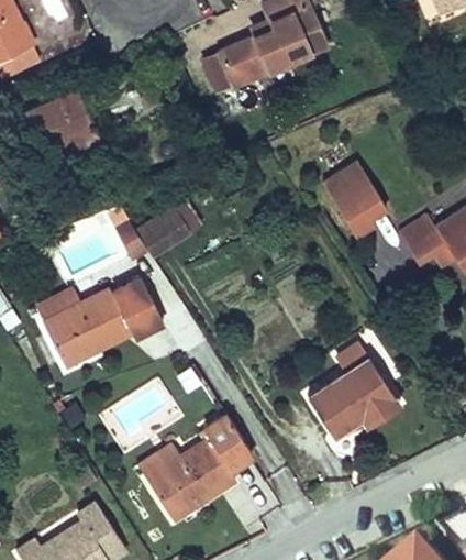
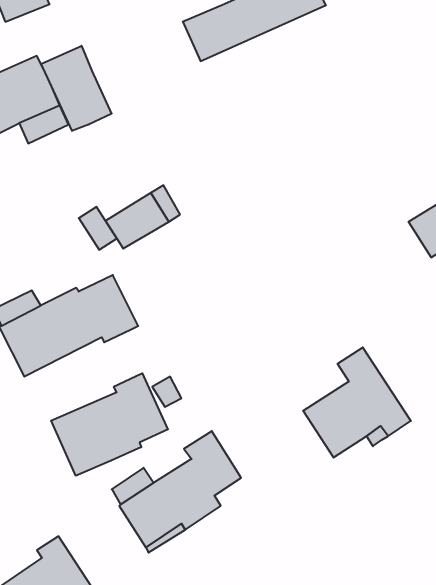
building: none -> [41,46,112,131]
building: [321,162,386,235] -> none
building: none -> [51,373,168,476]

